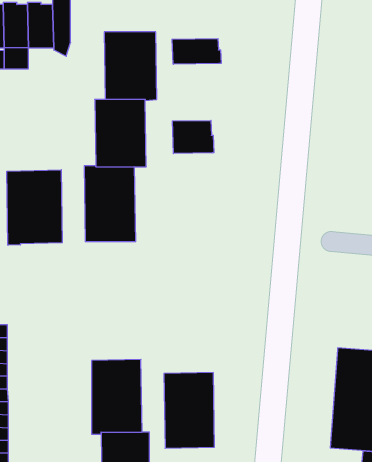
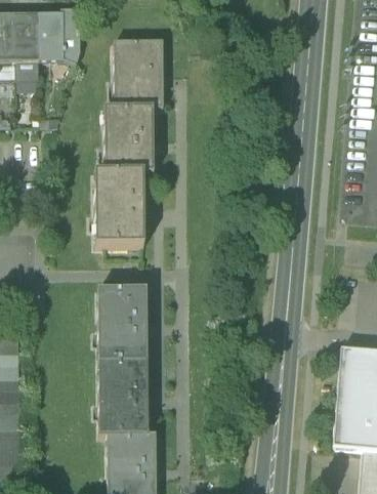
building: [172,39,221,64] -> none
building: [172,120,214,154] -> none
building: [7,170,62,245] -> none
building: [164,373,214,448] -> [98,287,148,361]

